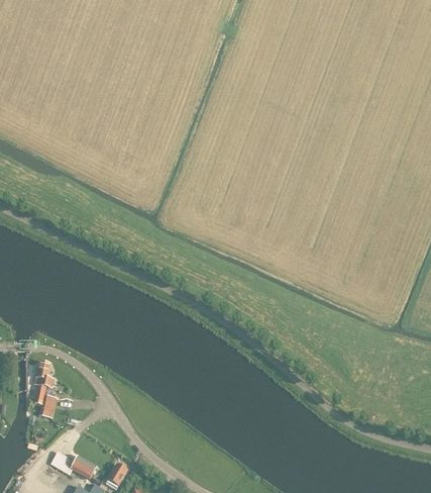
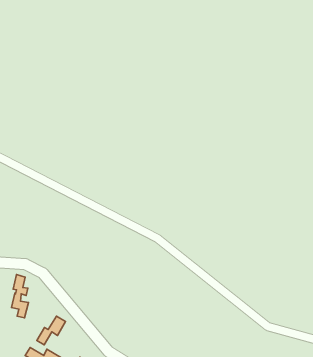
building: none -> [37,316,65,345]

